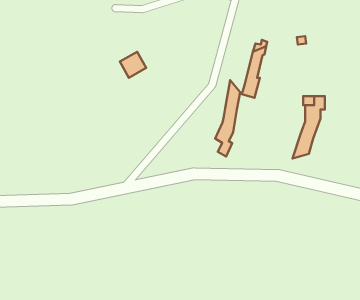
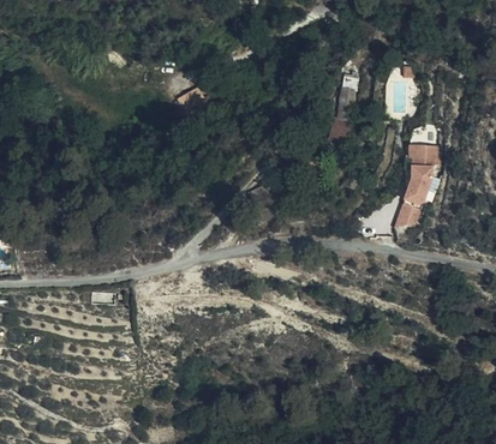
building: [215,80,240,157] -> none

